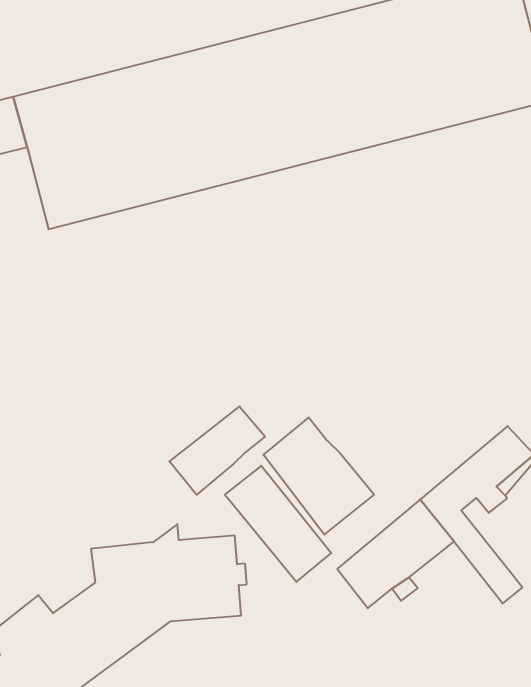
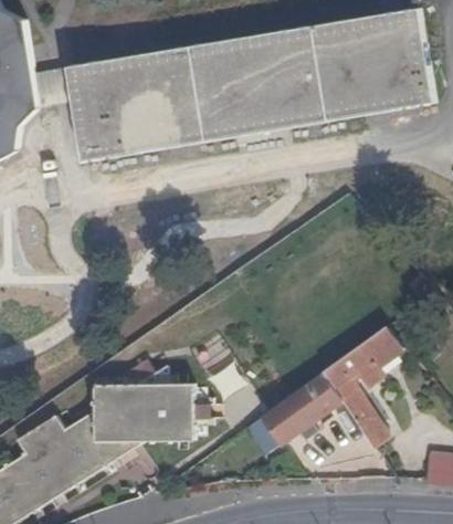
building: [169,406,265,495] -> none
building: [263,417,374,535] -> none

